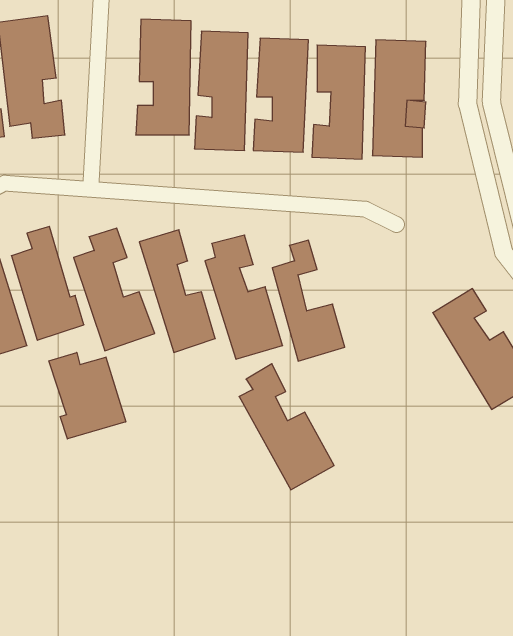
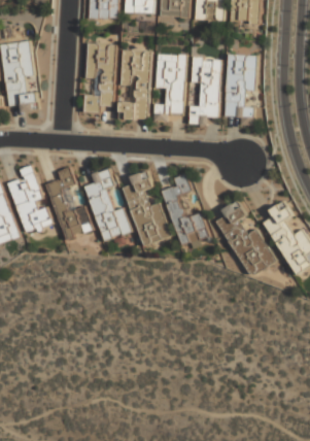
building: [49,352,126,439] -> none
building: [239,364,334,490] -> [217,200,274,275]

